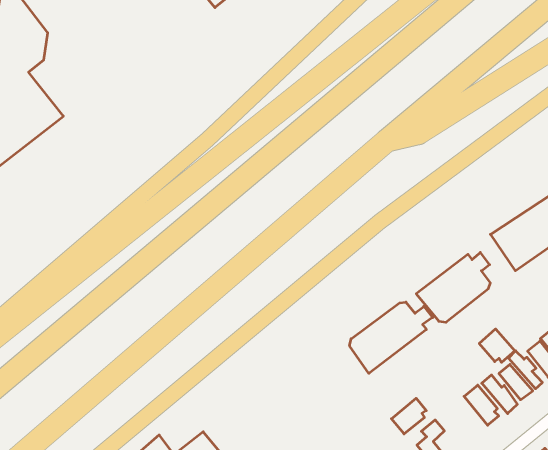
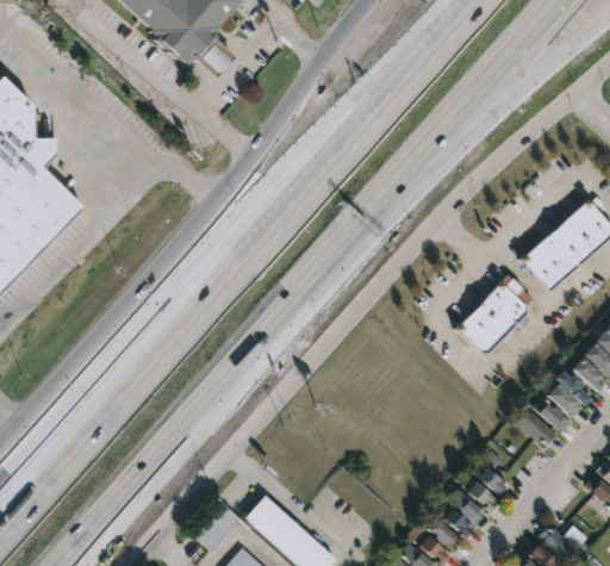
building: [350,302,433,373] -> none
building: [479,329,515,362] -> none
building: [391,398,426,434] -> none

